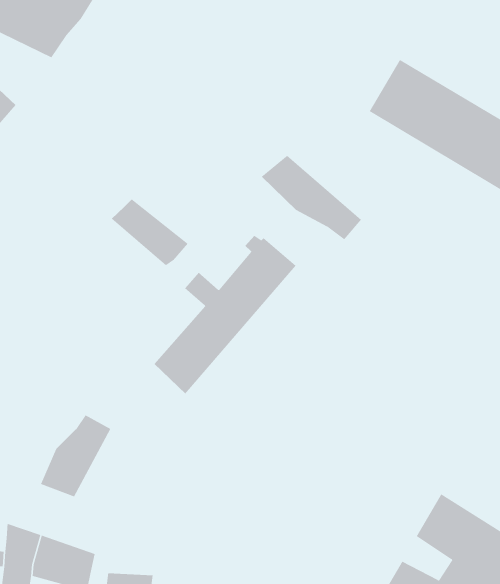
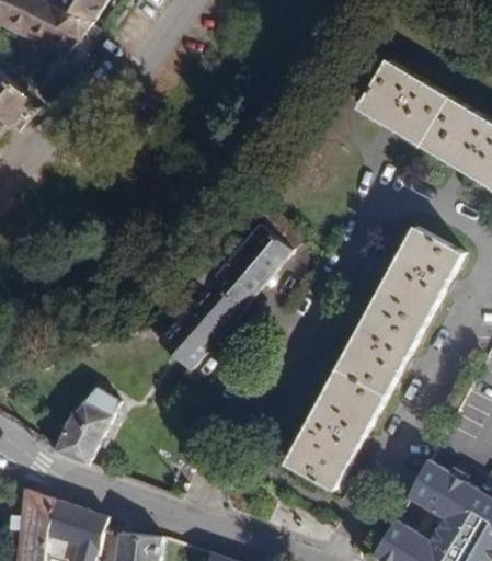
building: [261,155,362,240] -> none
building: [111,198,188,266] -> none
building: none -> [285,227,465,490]

